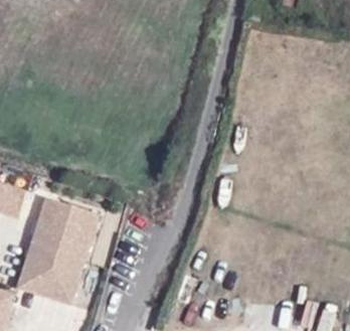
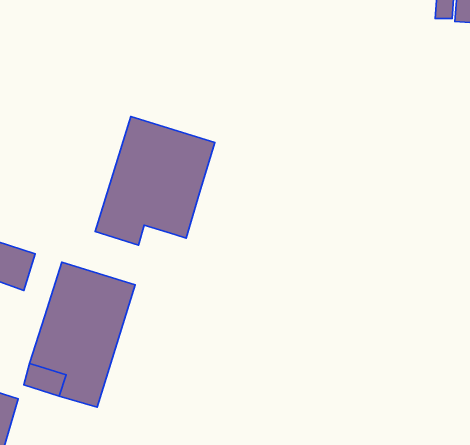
building: none -> [95,116,215,245]

